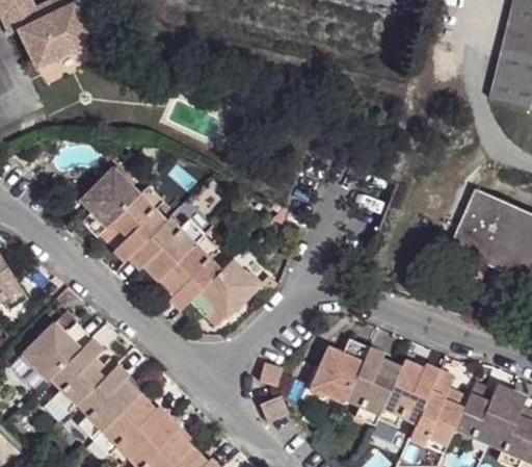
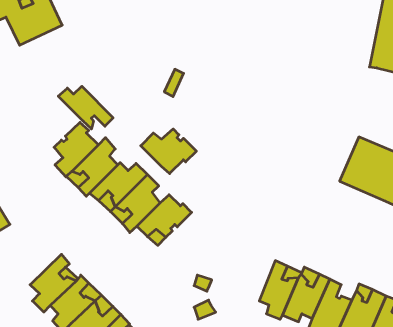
building: none -> [58,86,113,129]
building: none -> [141,129,196,174]
building: [21,322,91,381] -> none
building: [312,339,368,401] -> none

